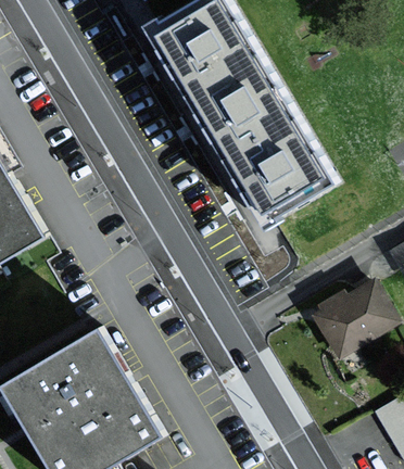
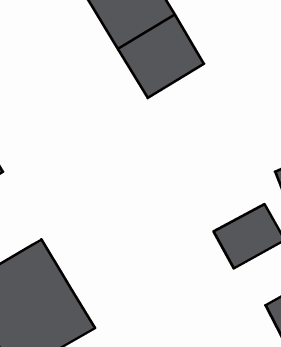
building: [224,107,330,211] -> none

